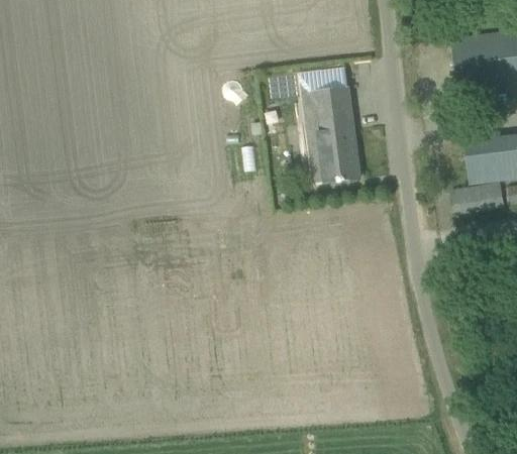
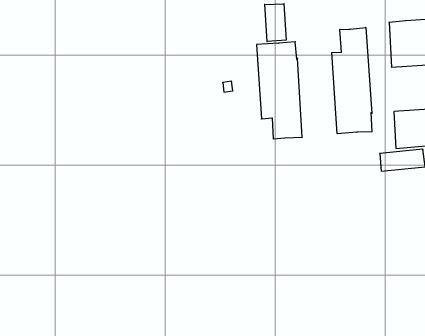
building: none -> [265,4,286,42]
building: none -> [332,27,372,134]

